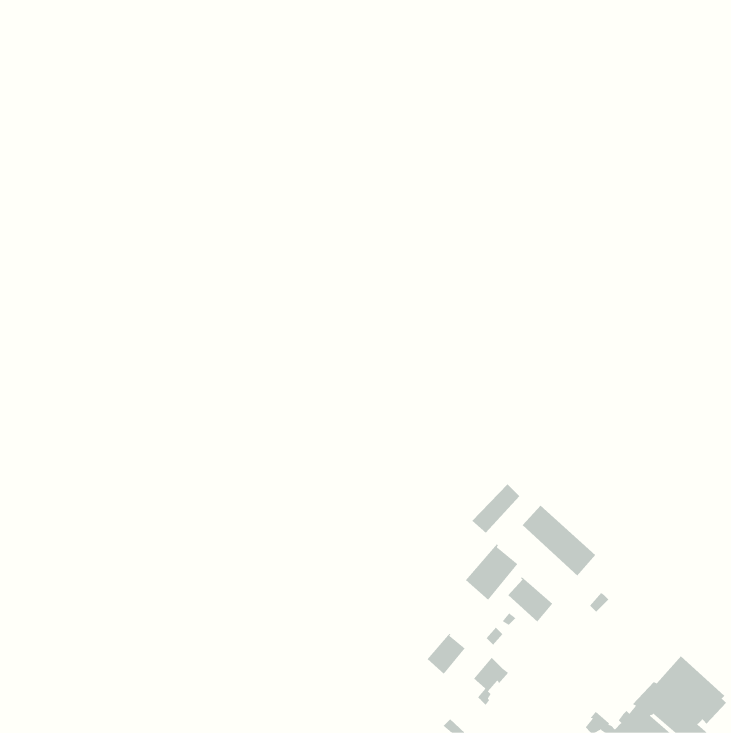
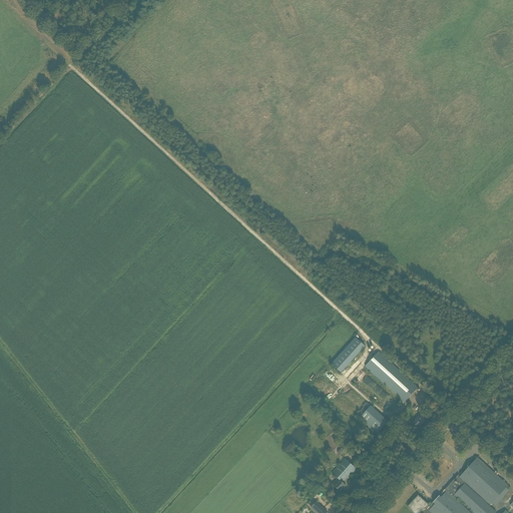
building: [465,543,518,601] -> none
building: [427,633,465,674] -> none

